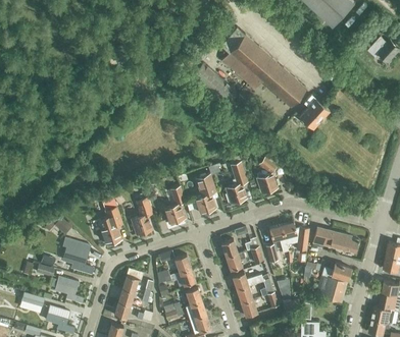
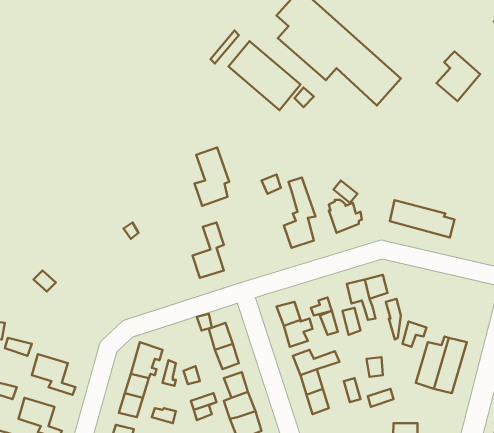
building: [299,96,329,129] -> [437,52,480,101]
building: [194,174,217,214] -> [195,147,229,206]
building: [99,196,121,245] -> none
building: [127,198,152,235] -> none
building: [313,227,357,252] -> [390,200,454,238]
building: [63,238,92,274] -> none

